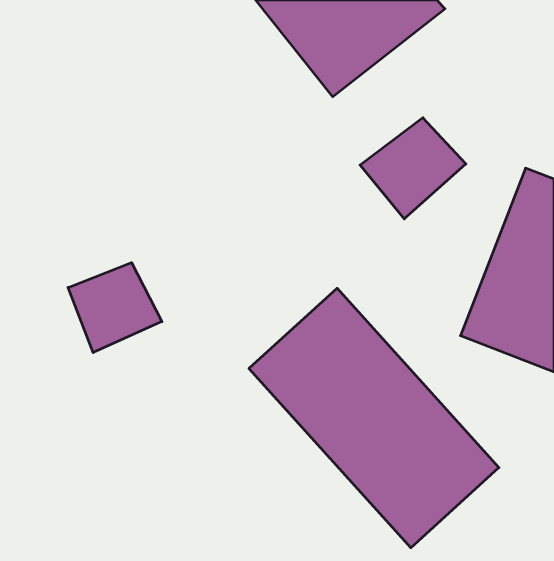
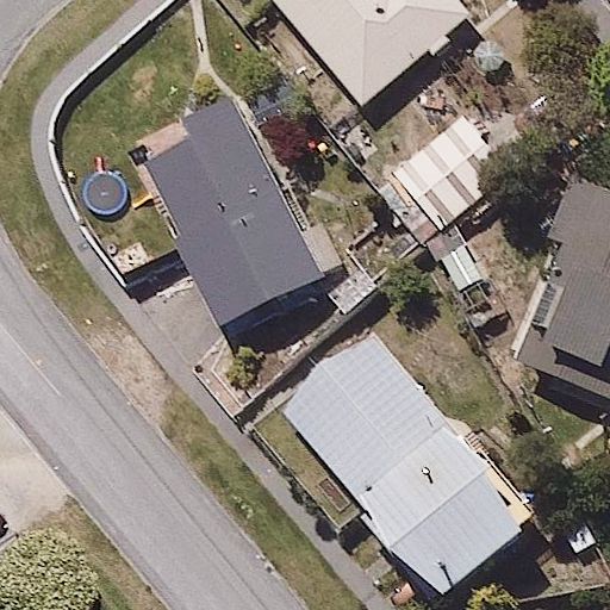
building: none -> [138,101,344,325]
building: [68,263,162,353] -> none

